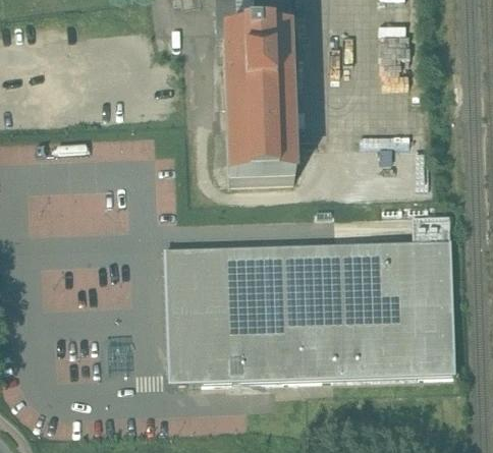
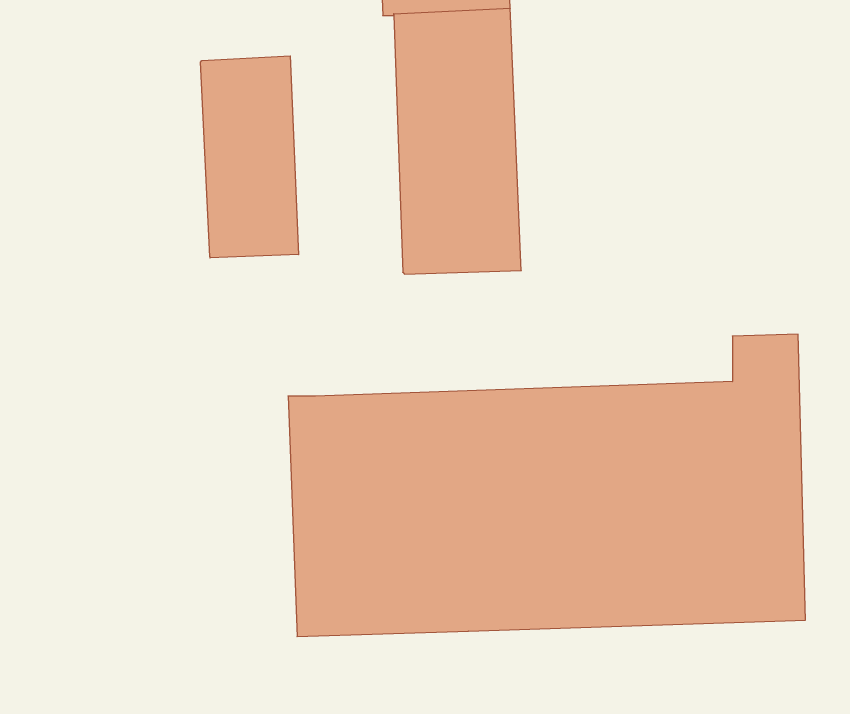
building: none -> [201,56,299,258]

